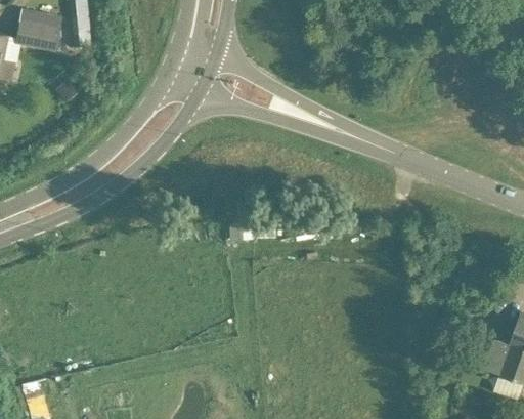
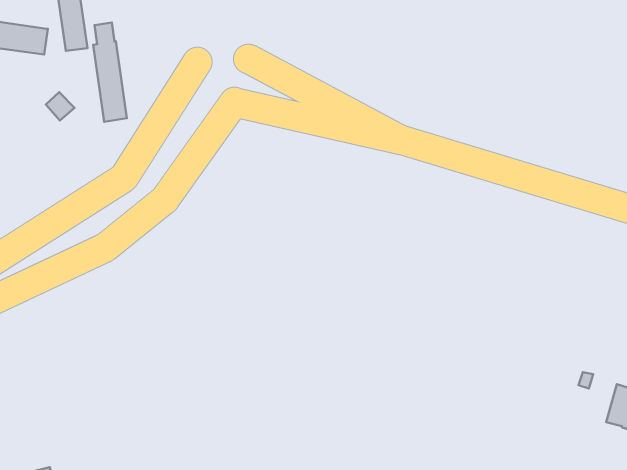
building: none -> [93,23,127,122]

